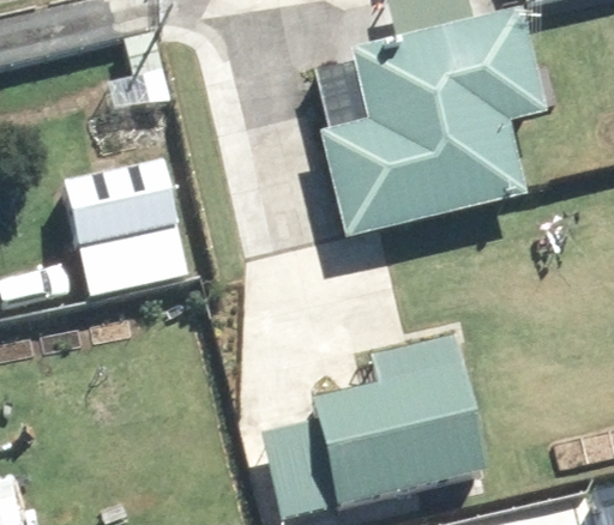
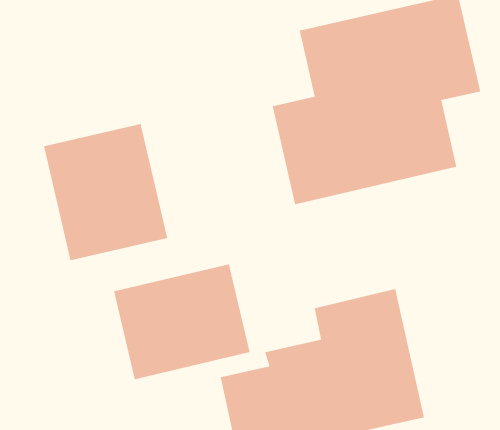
building: none -> [113,263,250,380]

